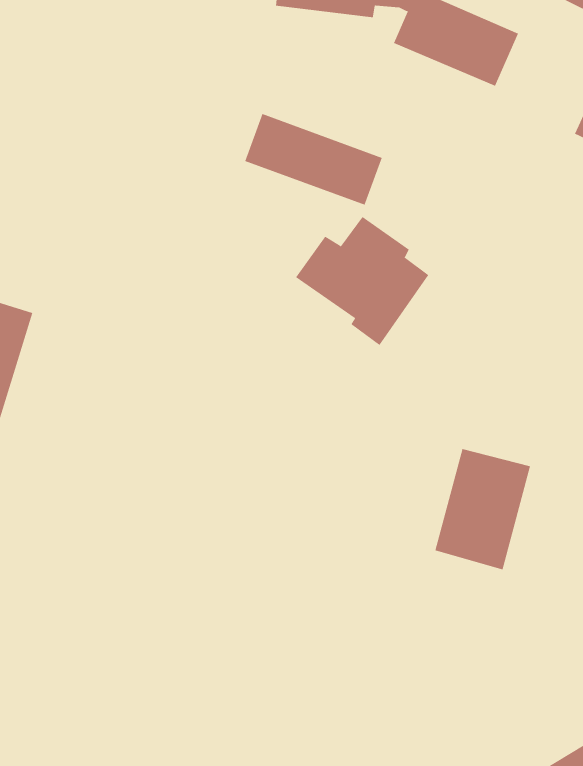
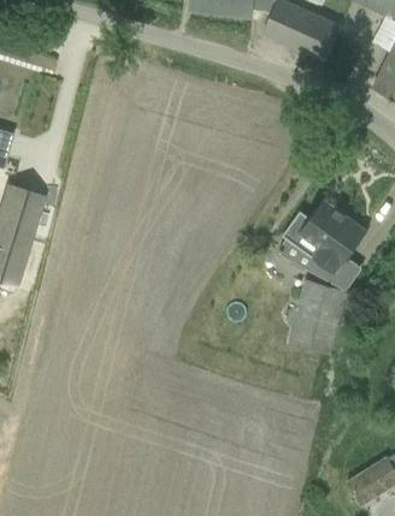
building: [244,113,383,206] -> none
building: [295,216,429,346] -> [283,198,365,278]

